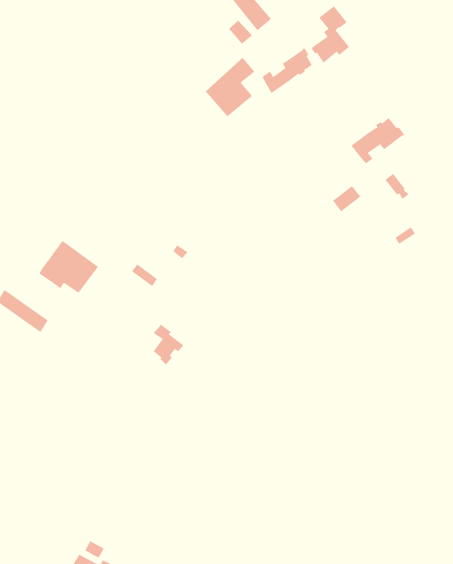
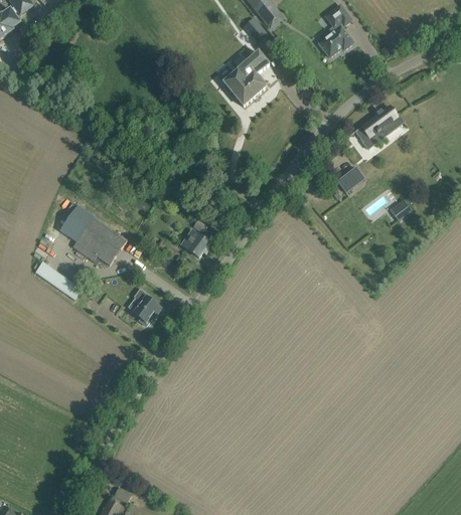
building: [262,44,313,98] -> none
building: none -> [59,205,94,241]
building: none -> [180,229,209,258]
building: [153,324,184,366] -> [133,289,161,326]

